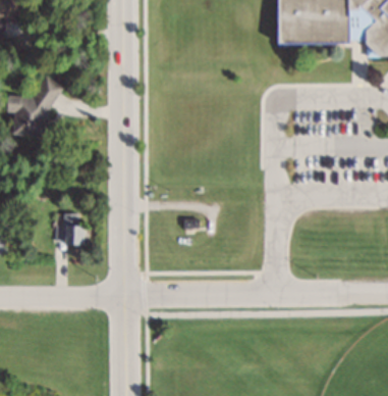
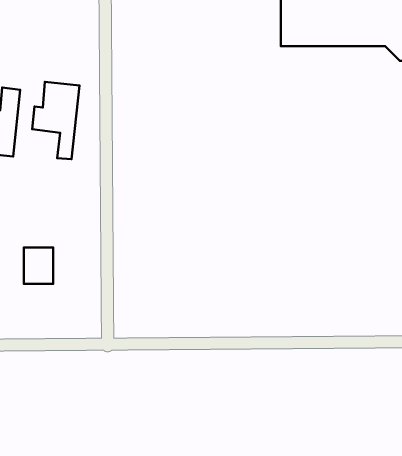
building: none -> [32,82,79,159]

